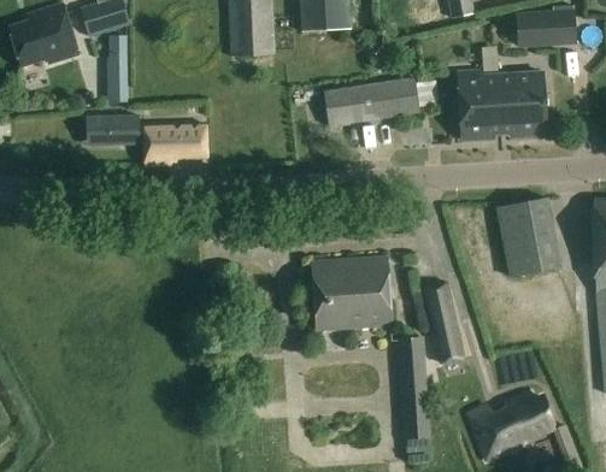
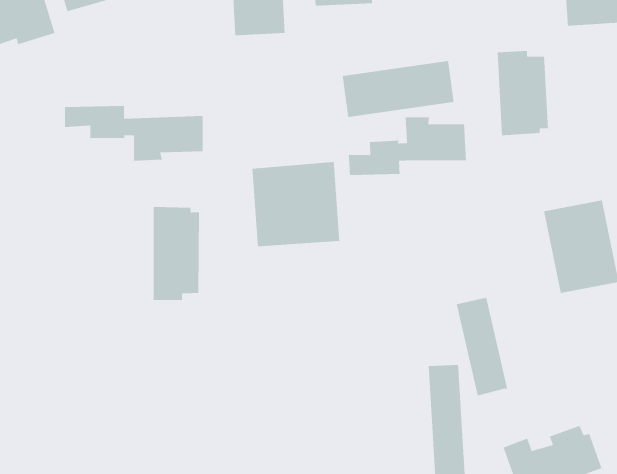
building: [107,35,129,102] -> none
building: [498,71,547,138] -> none
building: none -> [348,116,467,176]
building: none -> [153,206,200,301]
building: [311,256,387,330] -> [251,161,340,247]

